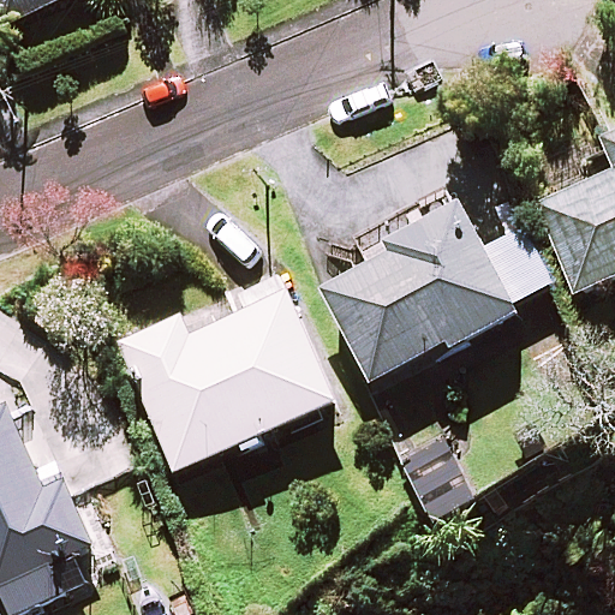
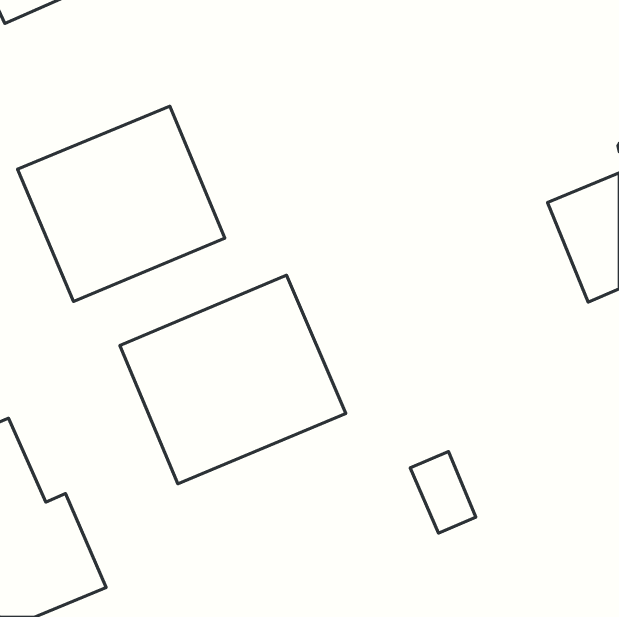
building: none -> [18,106,225,302]
building: [324,207,519,388] -> none

